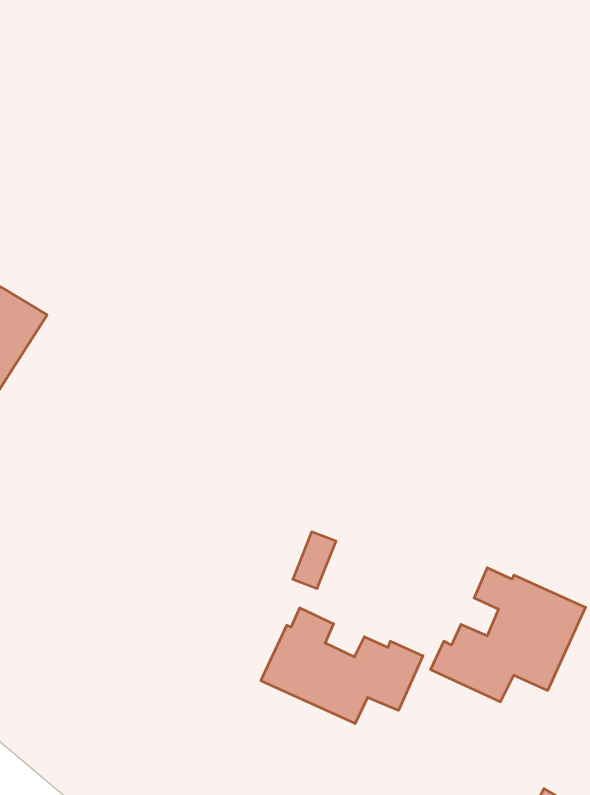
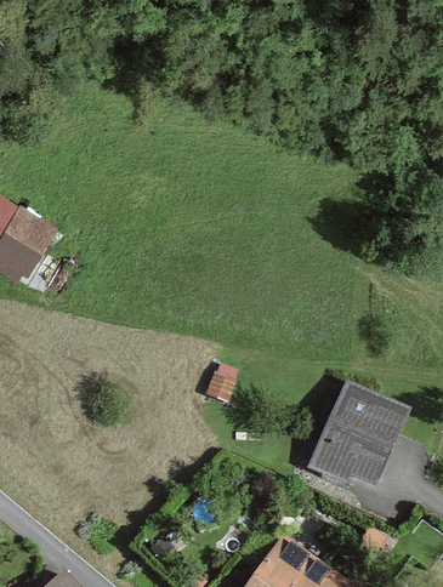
building: [261,608,423,724] -> none

